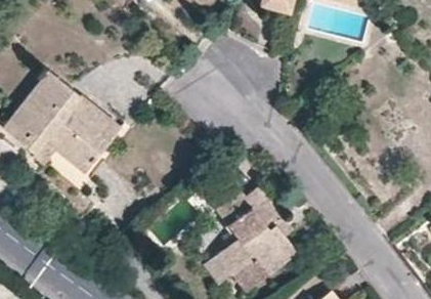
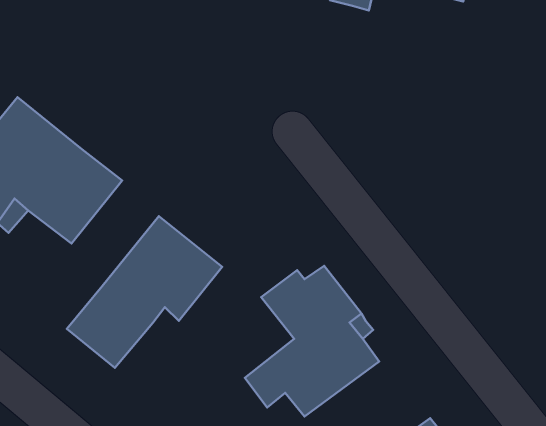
building: none -> [67,216,222,368]

